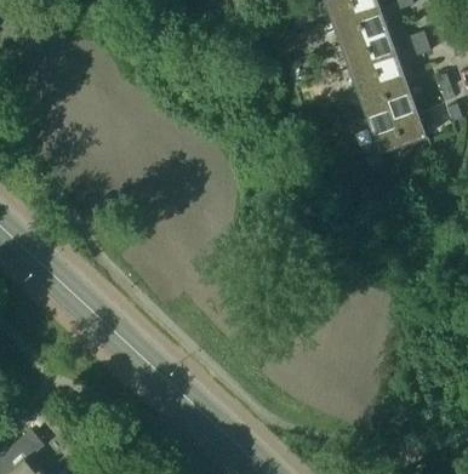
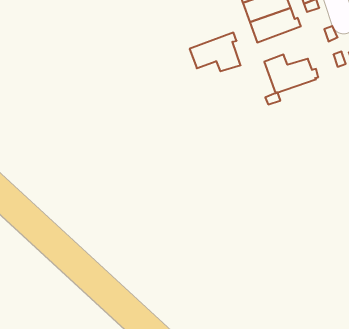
building: [356,74,417,120] -> [190,33,241,71]

